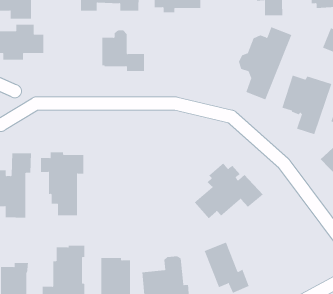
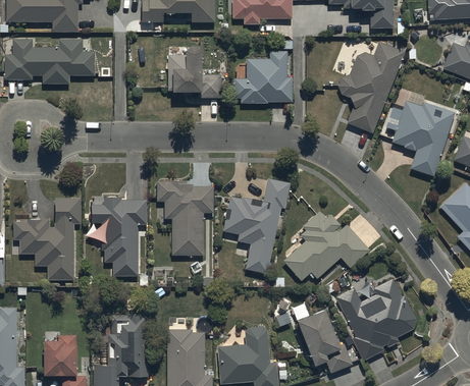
building: none -> [233,51,292,103]
building: none -> [221,179,290,274]
building: none -> [157,181,213,257]
building: none -> [336,279,417,361]

